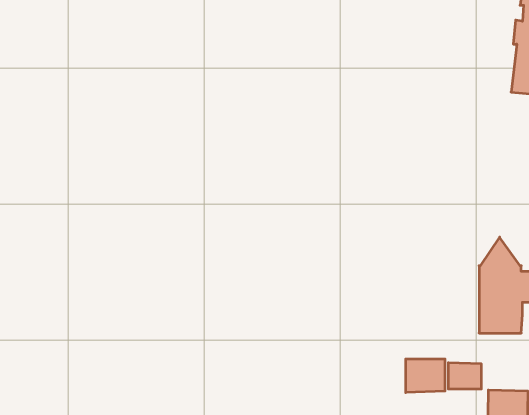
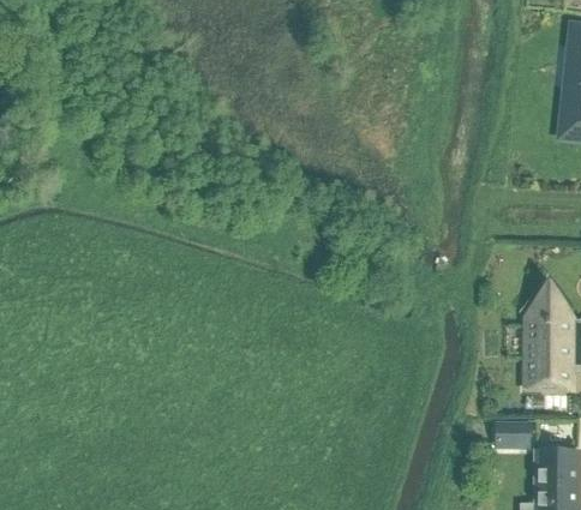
building: [406,359,445,393] -> none

